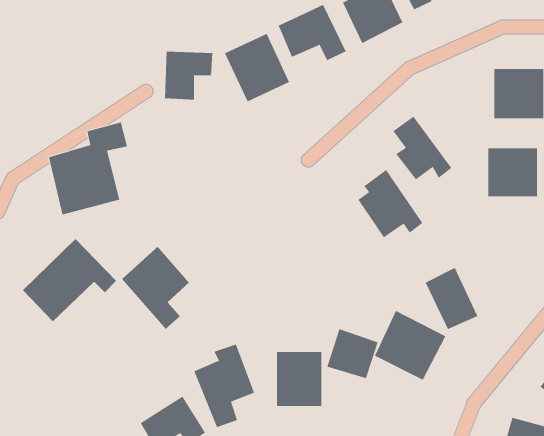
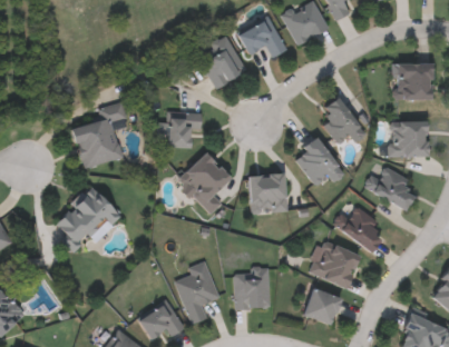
building: [164,51,213,100] -> [167,111,203,147]
building: none -> [368,165,414,211]
building: none -> [248,174,285,212]
building: [121,246,190,330] -> [178,152,228,214]
building: [327,328,379,379] -> [302,288,340,325]

